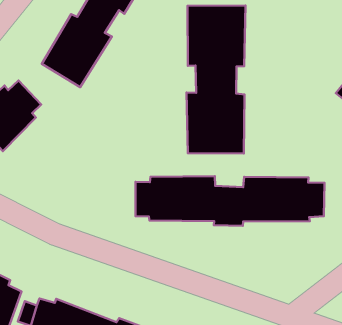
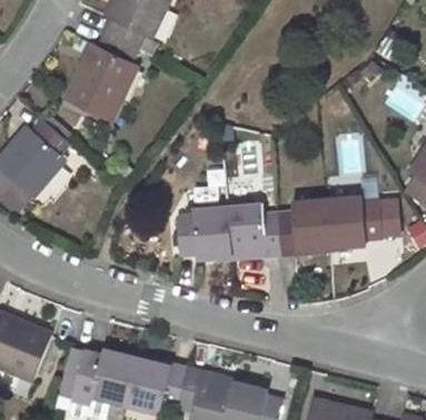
building: [186,5,246,153] -> none

